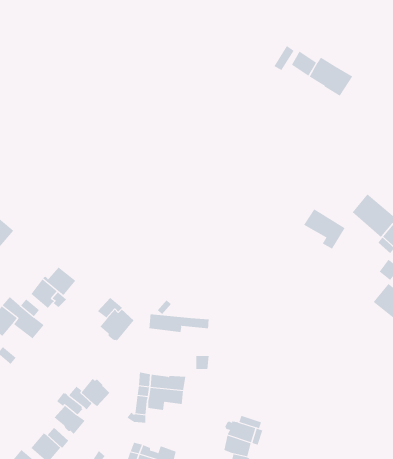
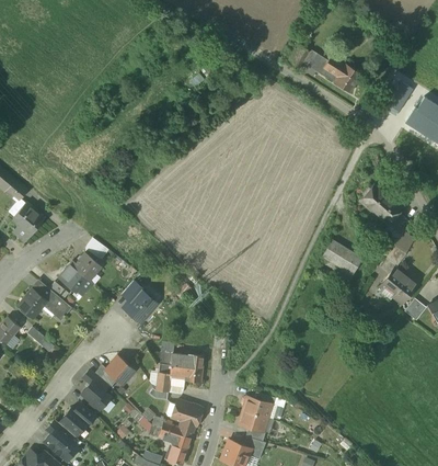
building: [303,208,345,249] -> [322,240,361,279]
building: [149,313,209,333] -> none
building: none -> [172,400,201,425]

